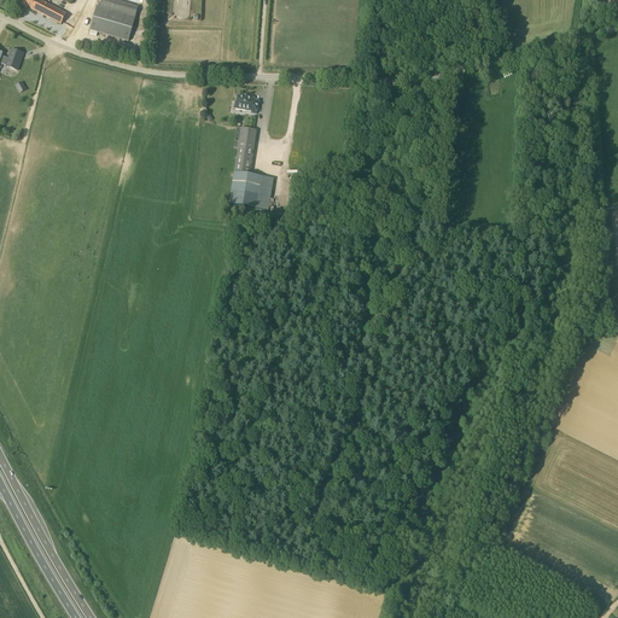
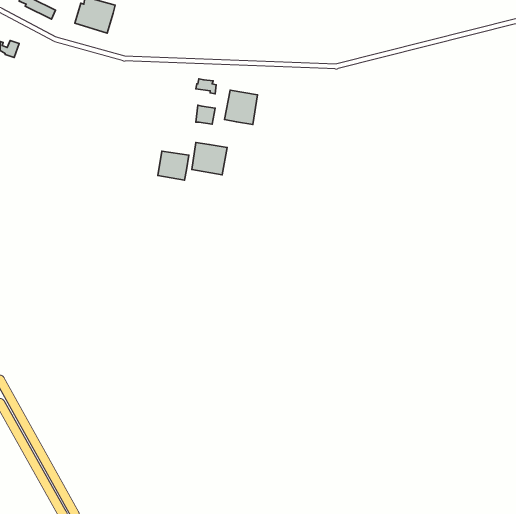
building: none -> [224,90,258,125]
building: none -> [158,151,189,180]

